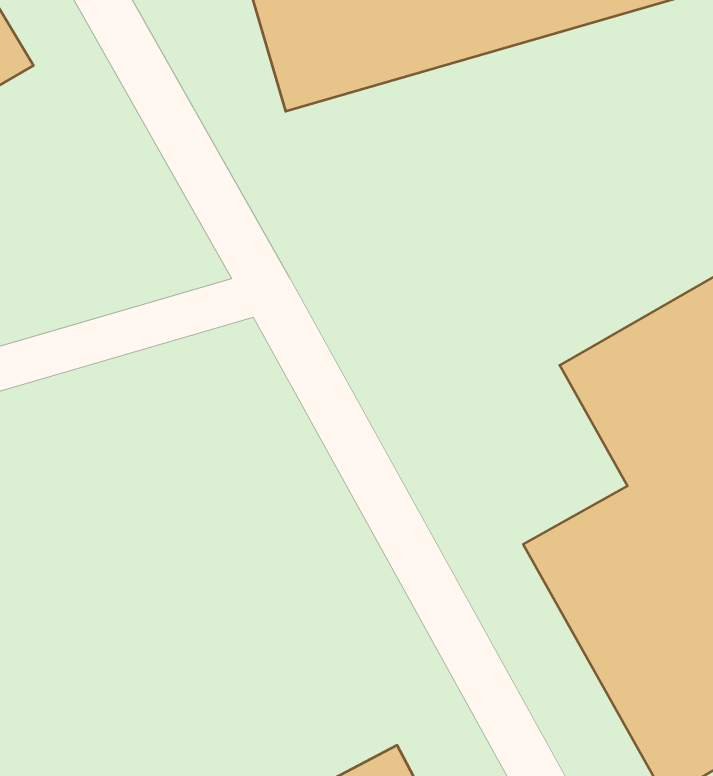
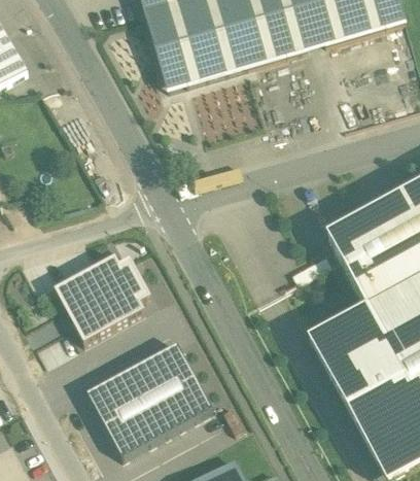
building: none -> [45,240,160,345]
building: none -> [86,343,210,453]

